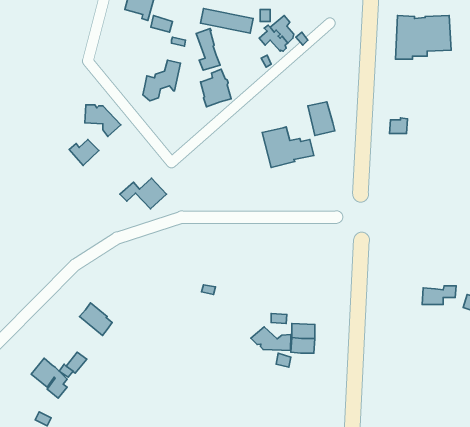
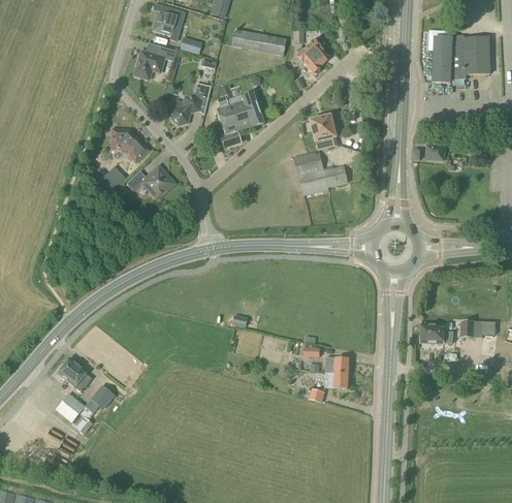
building: none -> [133,46,175,80]
building: [196,28,220,70] -> [216,103,241,147]
building: [308,102,335,136] -> [311,115,339,150]
building: [120,178,166,209] -> [125,166,173,198]
building: none -> [419,323,453,343]
building: [79,303,112,336] -> [57,357,91,391]
building: [251,327,291,351] -> none

